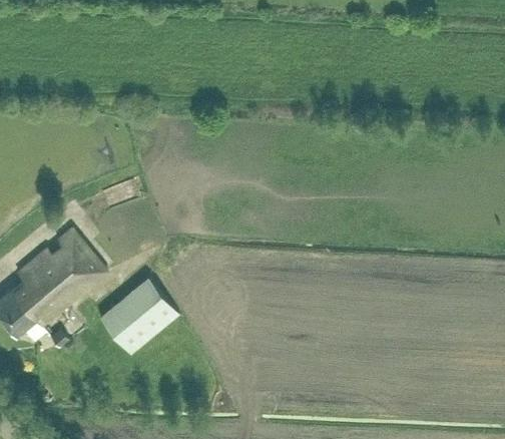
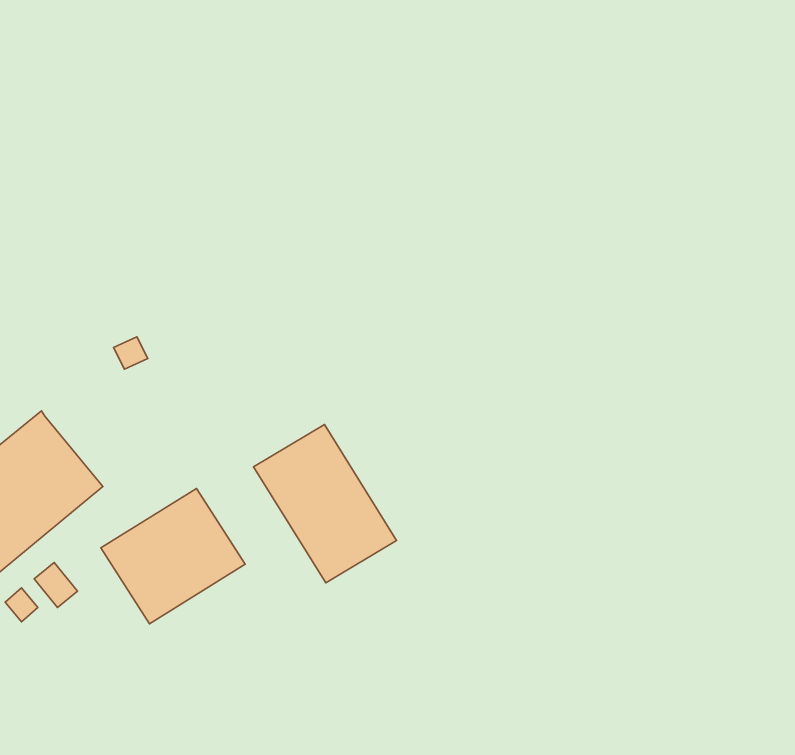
building: none -> [254,425,397,583]

